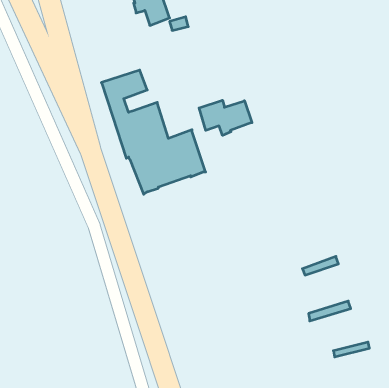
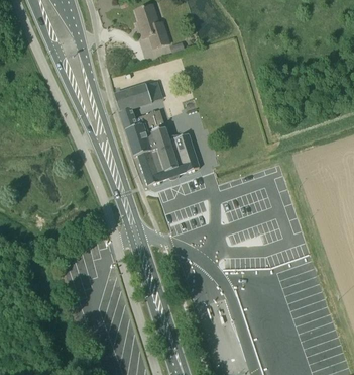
building: [199,100,252,135] -> none

